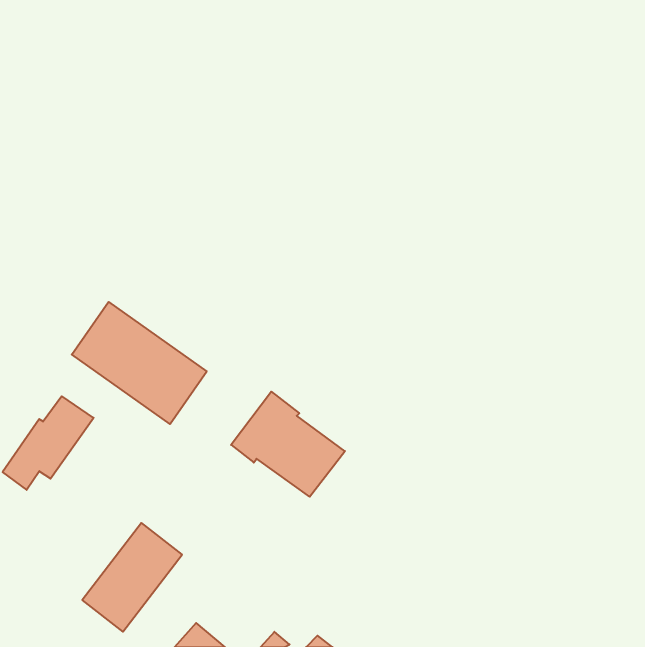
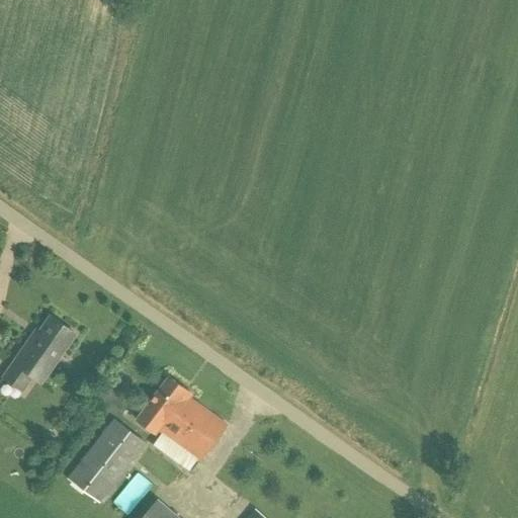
building: [72,302,207,424] -> none
building: [231,392,345,497] -> [136,377,227,461]

